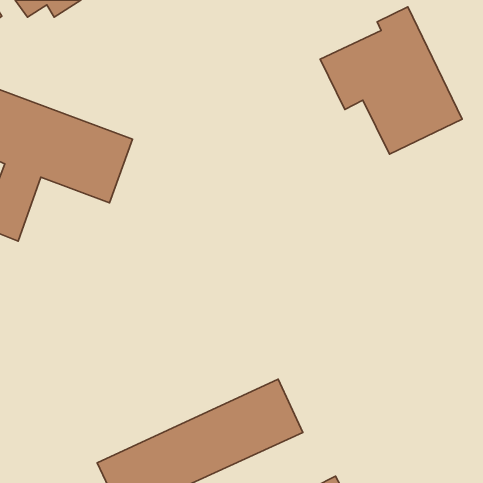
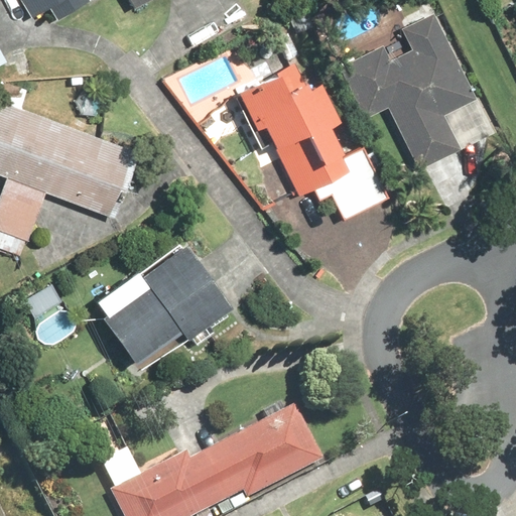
building: none -> [240,54,384,220]
building: none -> [96,233,237,371]

